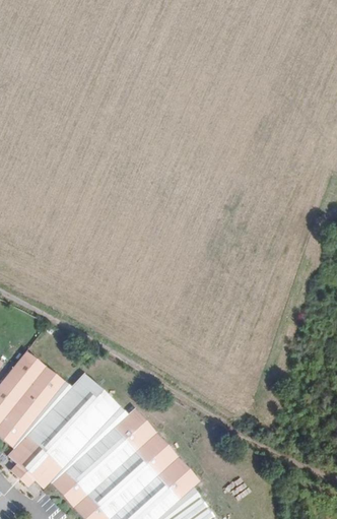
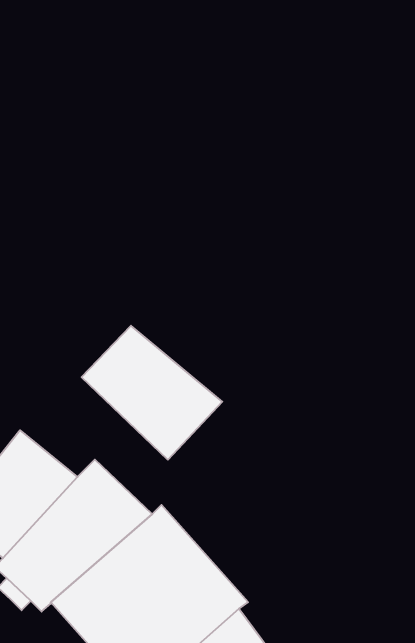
building: none -> [82,326,222,460]

